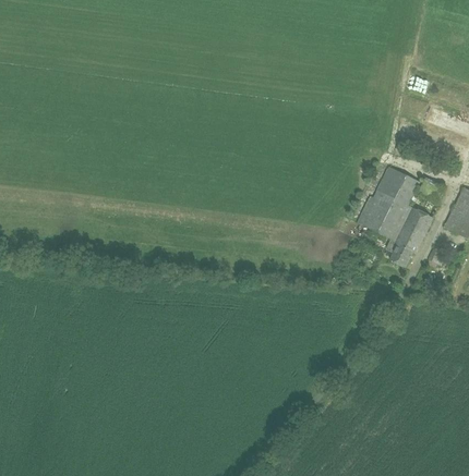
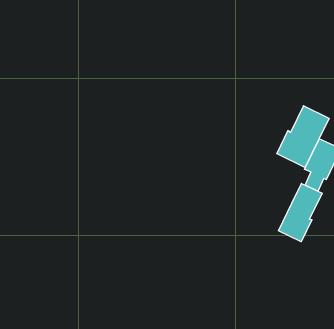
building: none -> [278,183,322,242]

